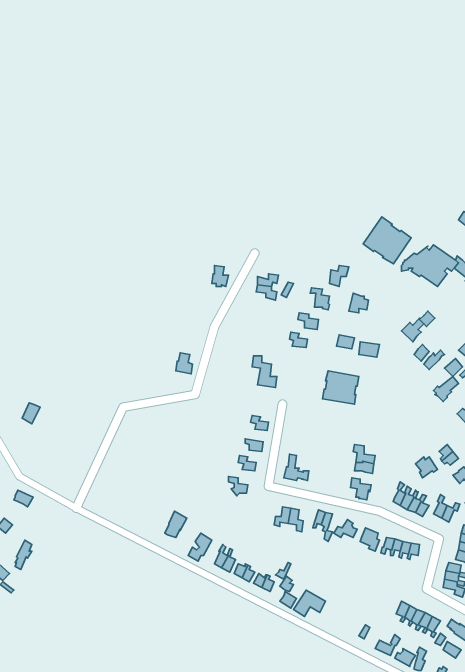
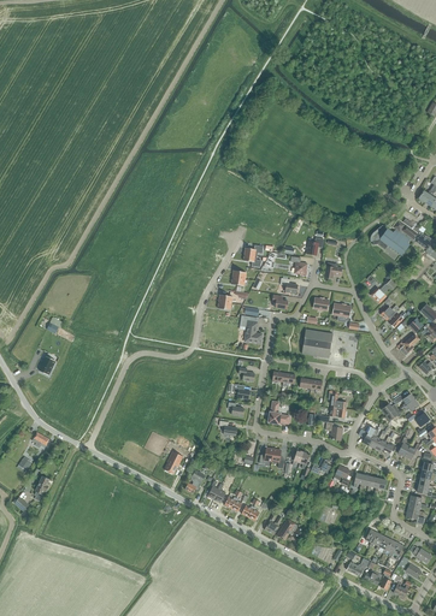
building: [363,217,411,264] -> none

